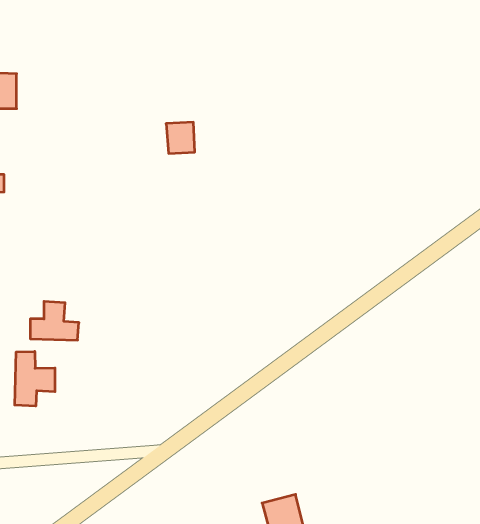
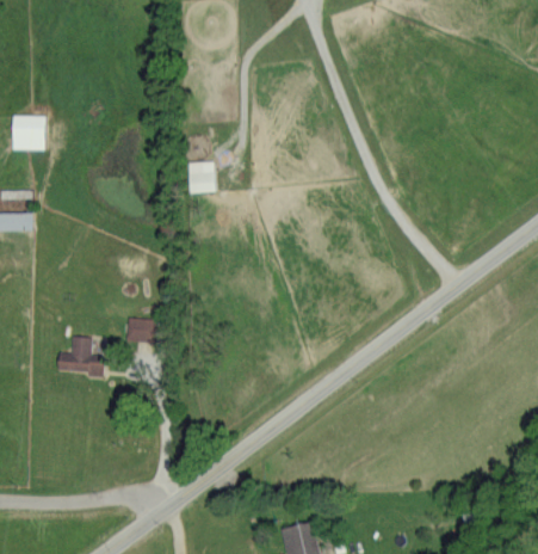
building: none -> [125,316,155,341]
building: [15,351,55,406] -> none

